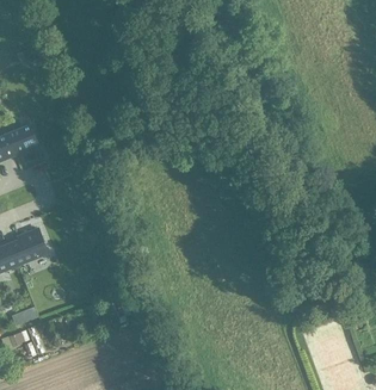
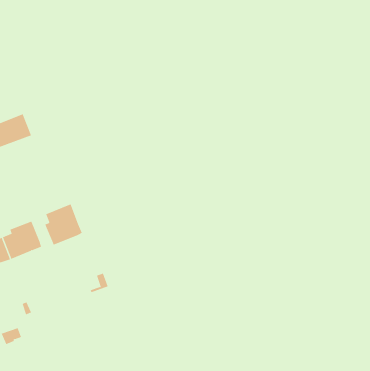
building: none -> [45,204,83,245]

